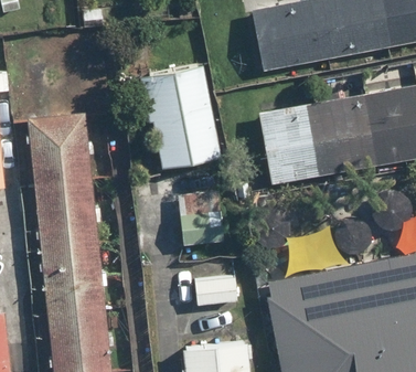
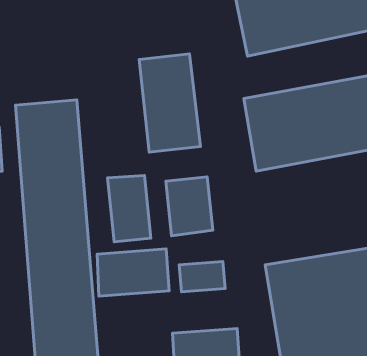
building: none -> [107,175,151,242]
building: none -> [97,249,169,296]

